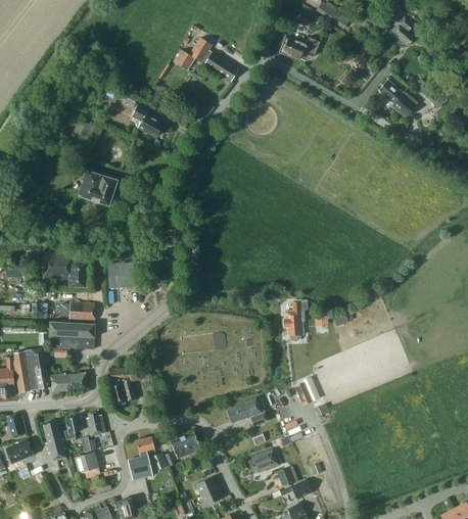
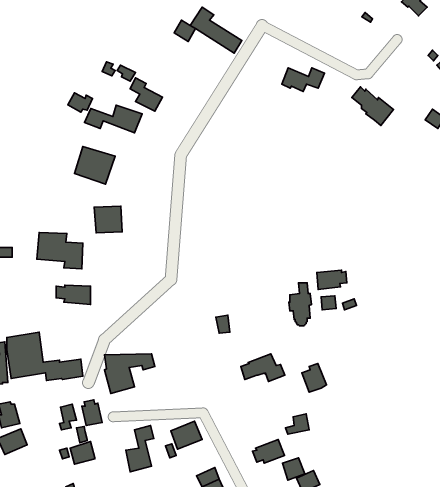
building: [279,36,320,58] -> [282,68,325,92]
building: [378,80,418,116] -> [352,87,394,126]
building: none -> [85,105,142,133]
building: [107,262,134,287] -> [94,206,122,233]
building: none -> [317,270,347,289]
building: [49,321,94,348] -> none
building: [227,397,269,424] -> [241,354,285,382]
building: [43,420,65,460] -> none

